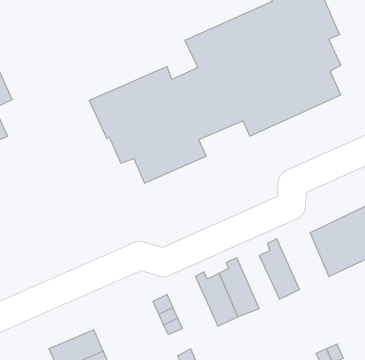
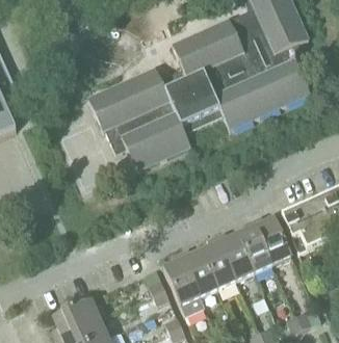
building: none -> [253,215,292,263]
building: none -> [217,231,255,280]
building: none -> [162,252,205,315]

